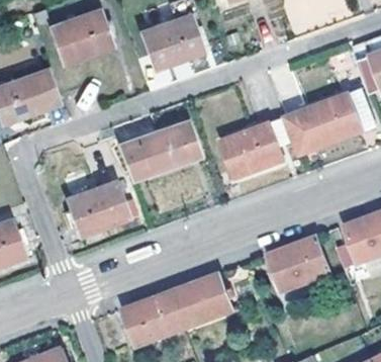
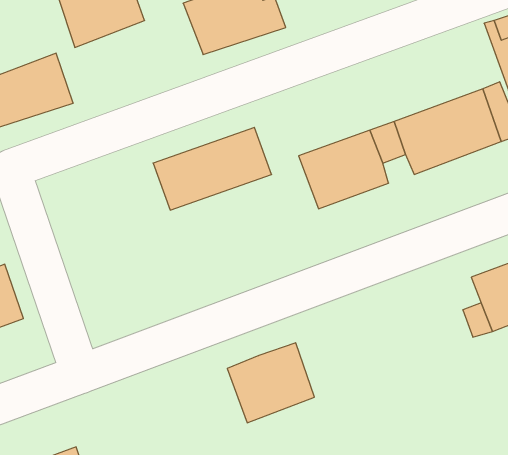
building: [66,180,130,236] -> none
building: [267,236,331,293] -> none
building: [121,291,184,347] -> none

